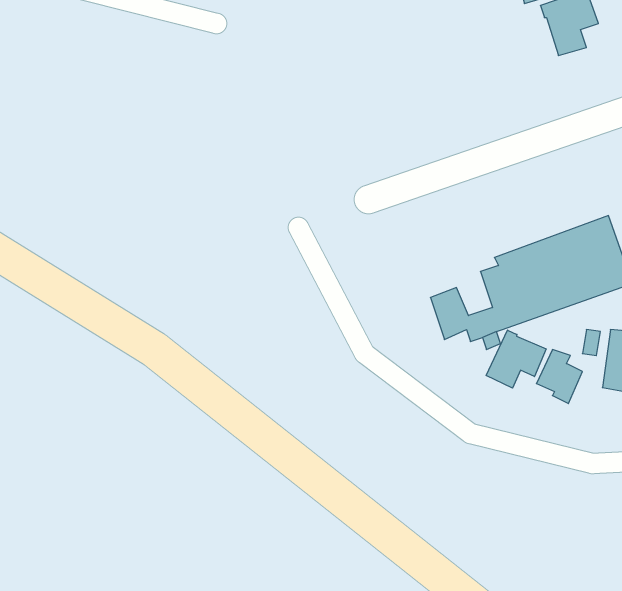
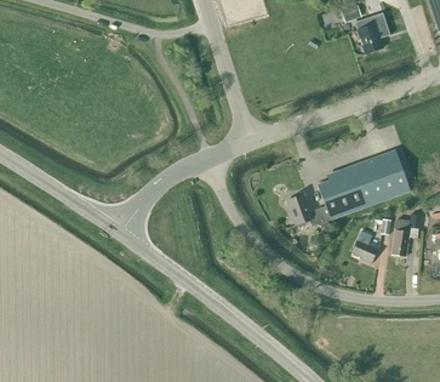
building: [486,330,546,388] -> none

